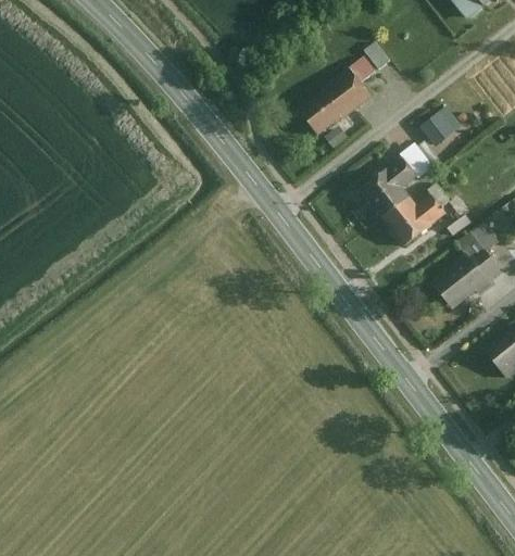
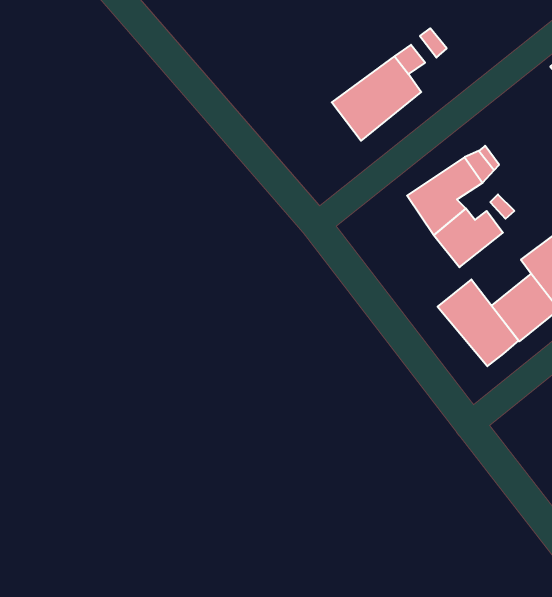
building: [420,104,461,143] -> none
building: none -> [438,279,518,366]

